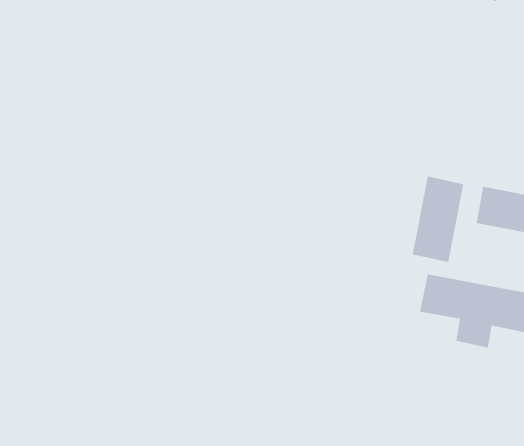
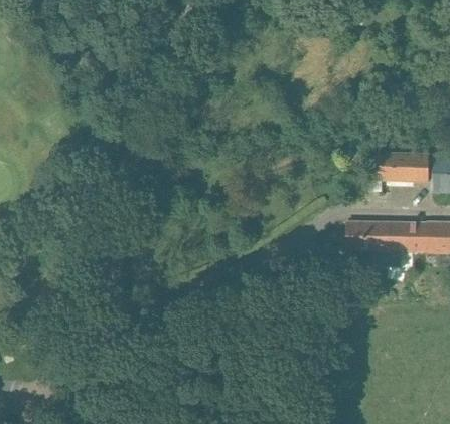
building: [412,176,464,263] -> none

